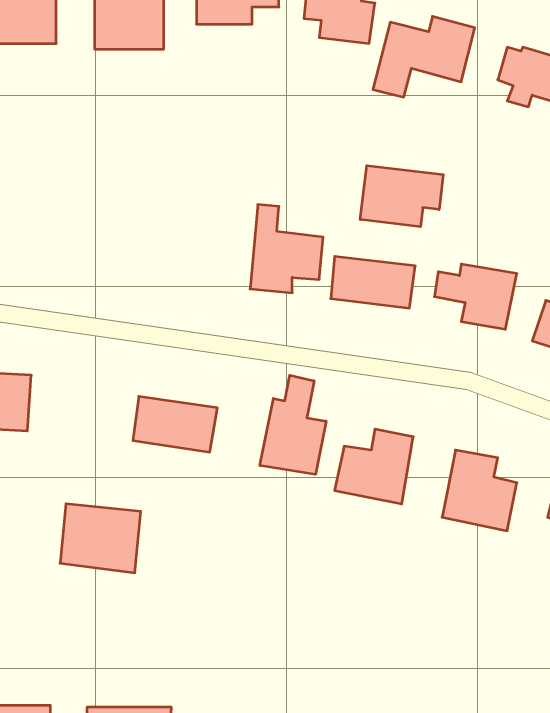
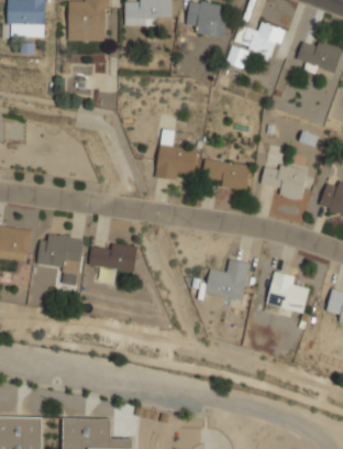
building: [360,166,443,227] -> none
building: [260,375,326,474] -> none
building: [60,504,141,573] -> [37,233,84,273]

